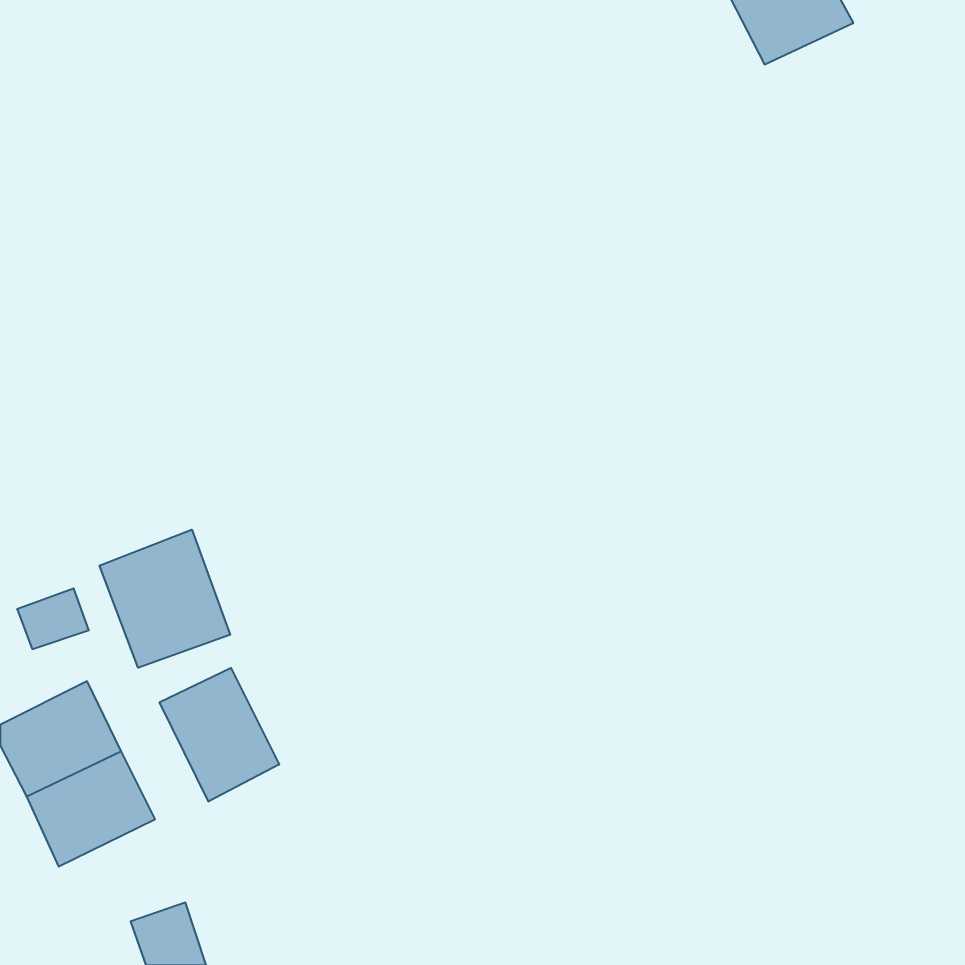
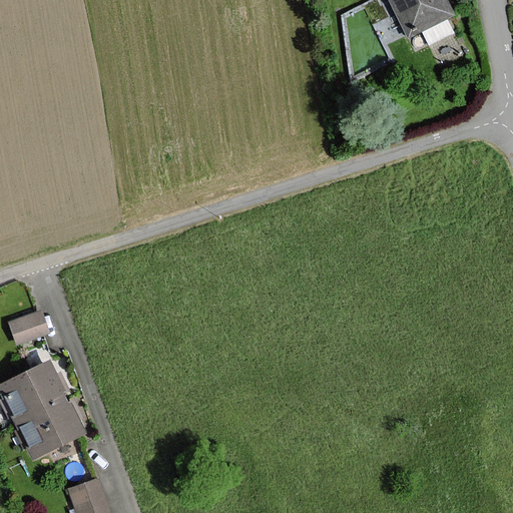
building: [100,530,230,668] -> none
building: [160,668,279,802] -> none

